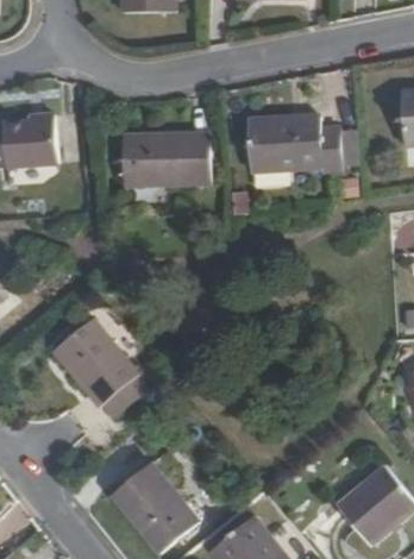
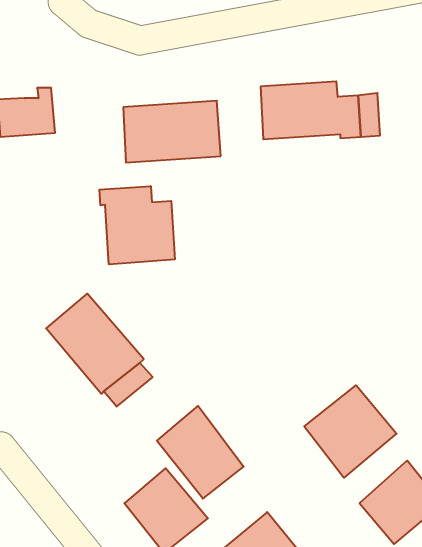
building: none -> [99,186,175,264]
building: none -> [304,385,397,478]
building: none -> [157,406,244,499]

